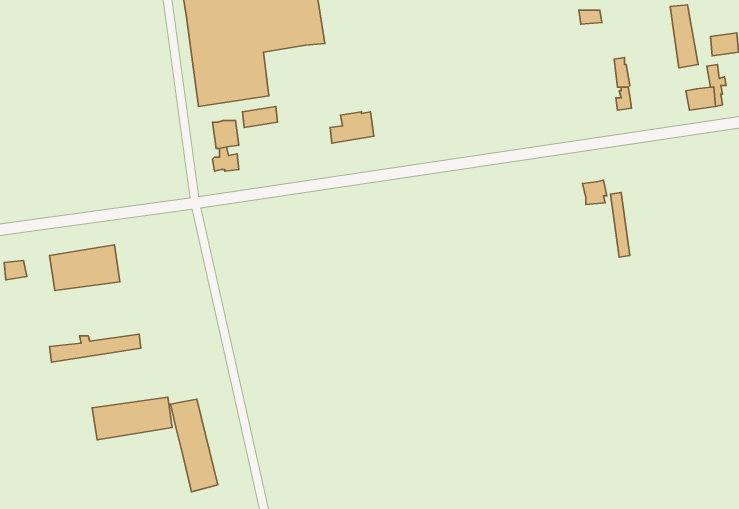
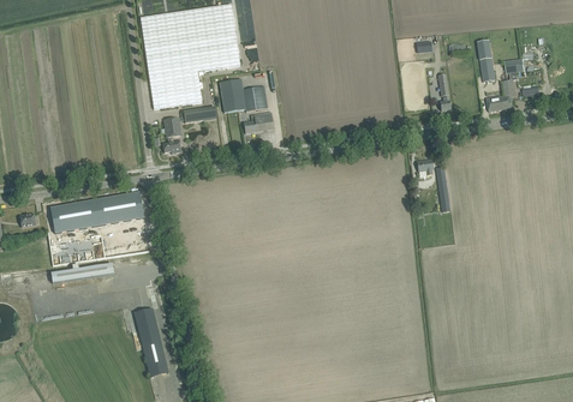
building: none -> [219,78,268,112]
building: none -> [96,197,145,228]
building: [92,397,172,440] -> none

